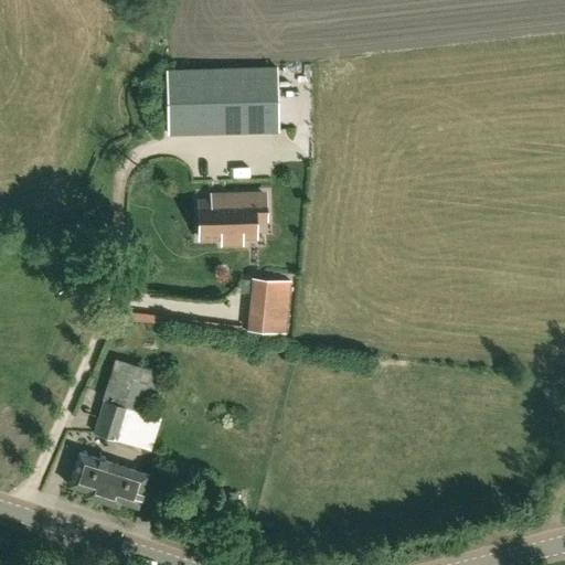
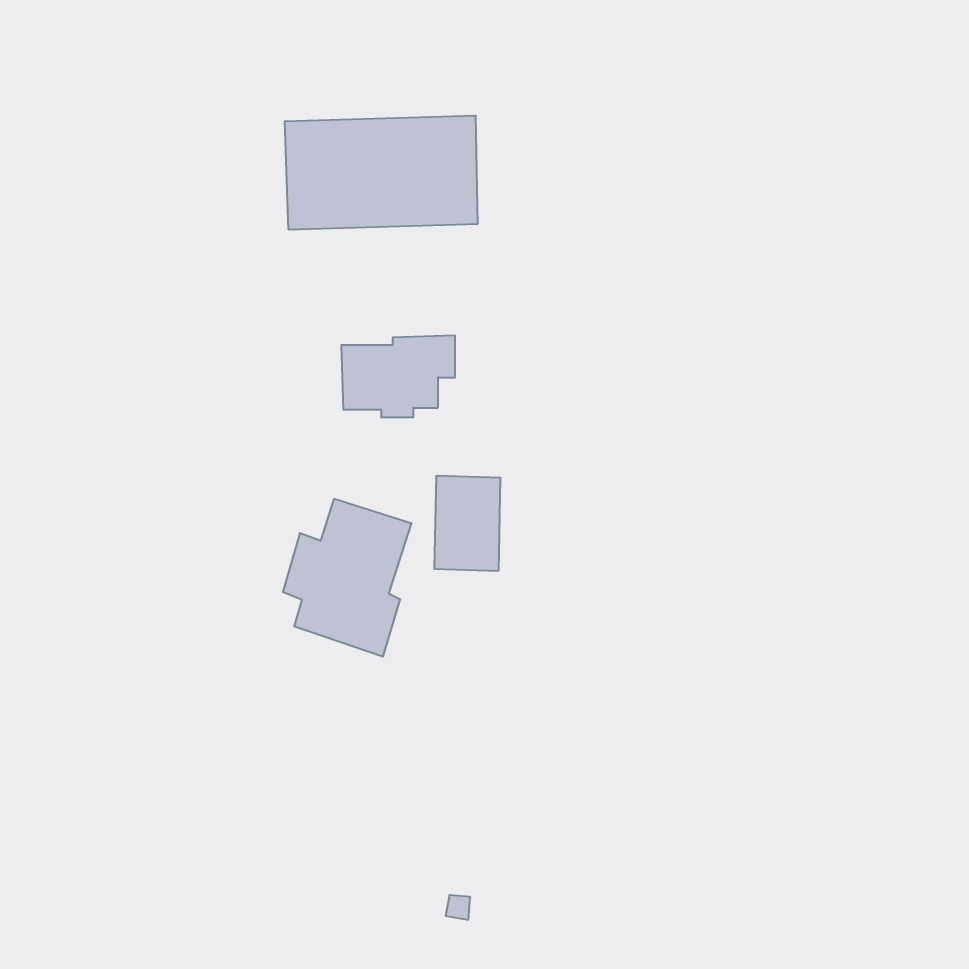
building: [85,359,160,450] -> [283,499,412,656]
building: [68,452,148,507] -> none

